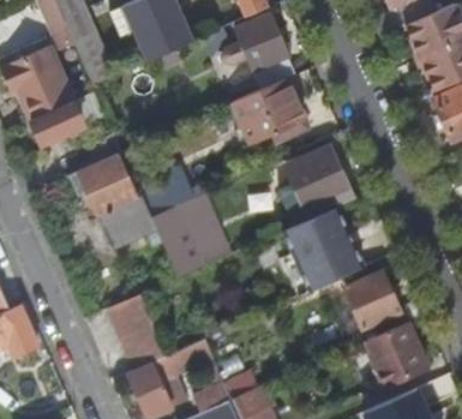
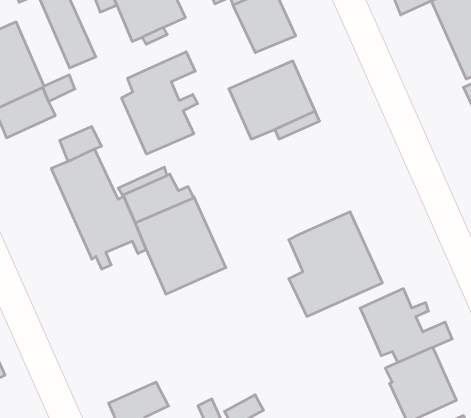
building: none -> [122,52,198,154]
building: [277,148,353,226] -> none
building: [107,294,167,369] -> none

